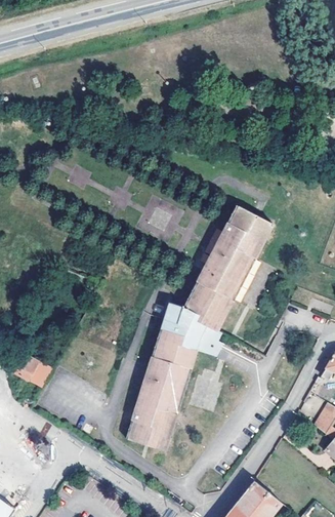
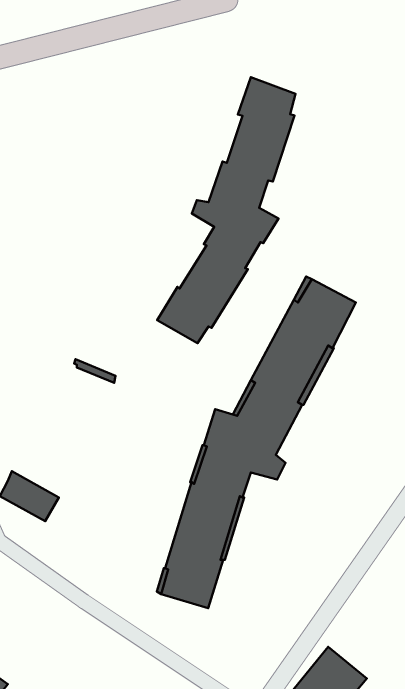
building: none -> [157,77,296,343]

